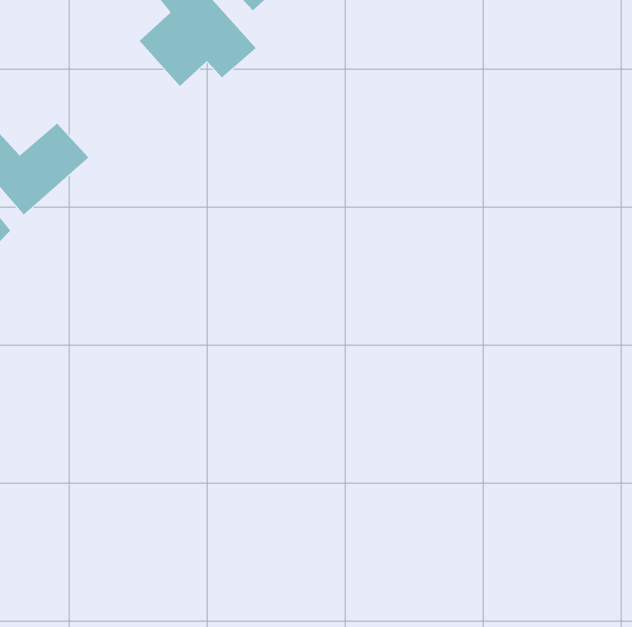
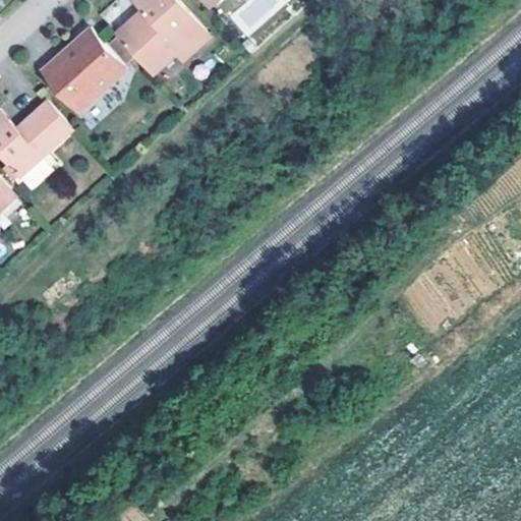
building: none -> [40,34,123,113]

